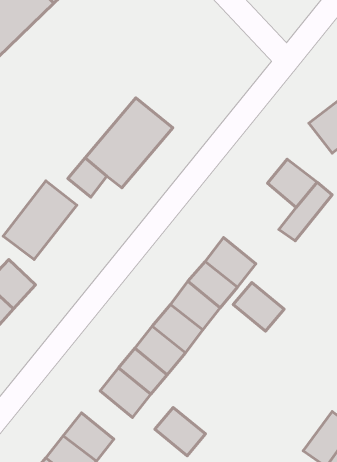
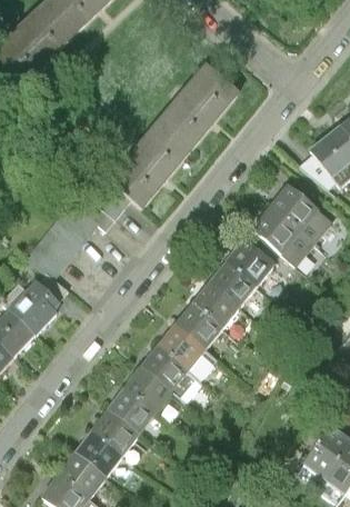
building: none -> [148,67,232,153]
building: none -> [258,207,302,251]
building: [233,283,284,331] -> [232,238,281,285]
building: [155,407,206,456] -> [96,407,144,454]

